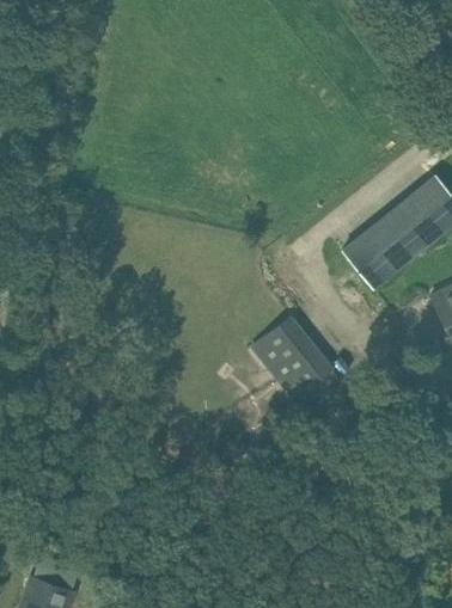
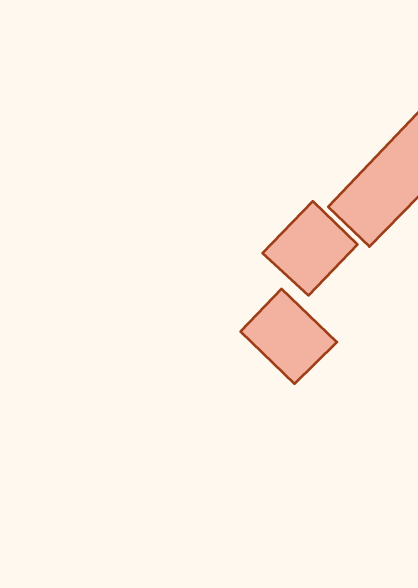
building: none -> [263,201,357,295]

